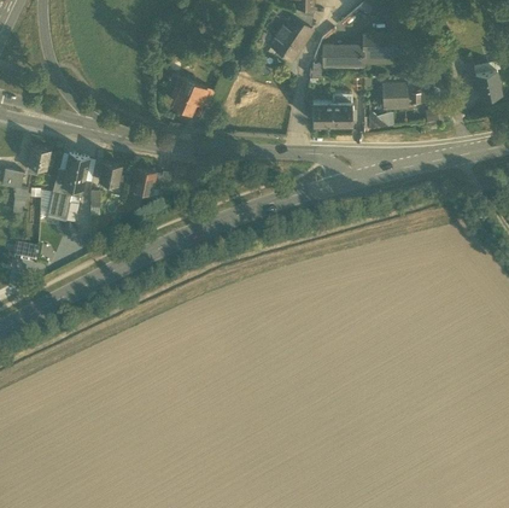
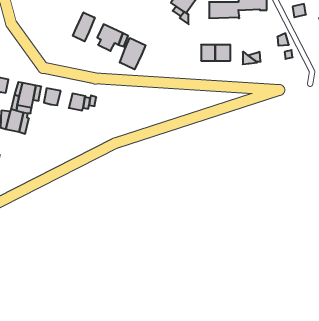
building: none -> [73,12,95,41]
building: [379,84,405,109] -> none
building: none -> [120,38,146,69]

